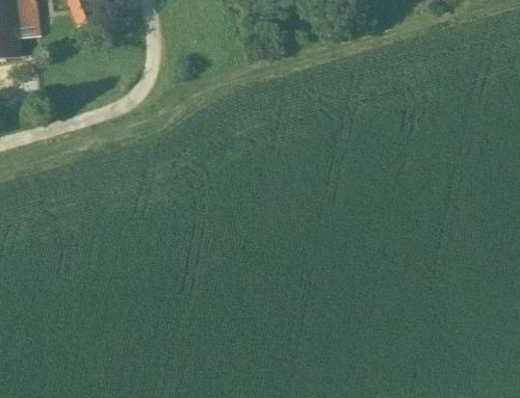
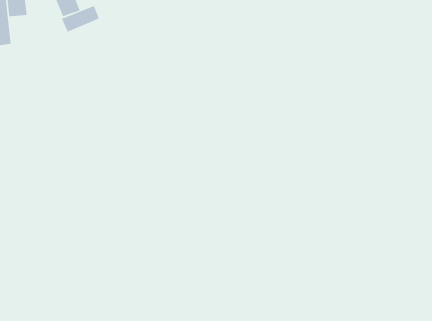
building: none -> [61,5,99,33]

